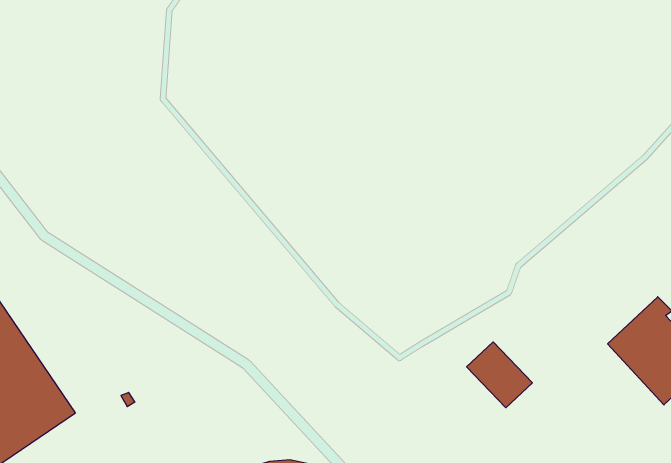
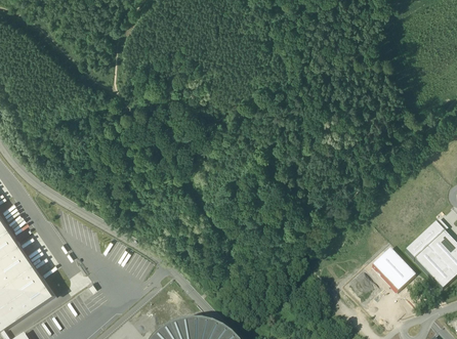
building: [467,342,532,408] -> [371,247,414,290]

